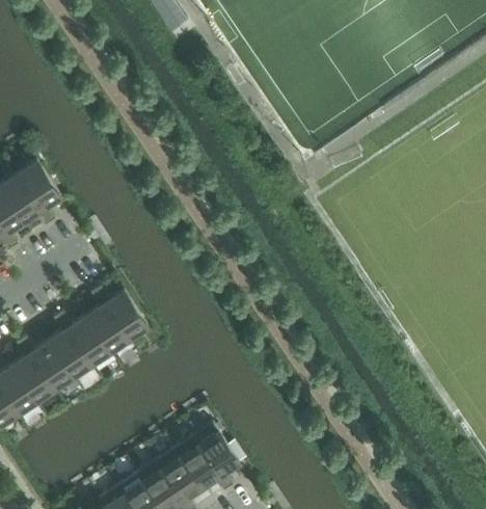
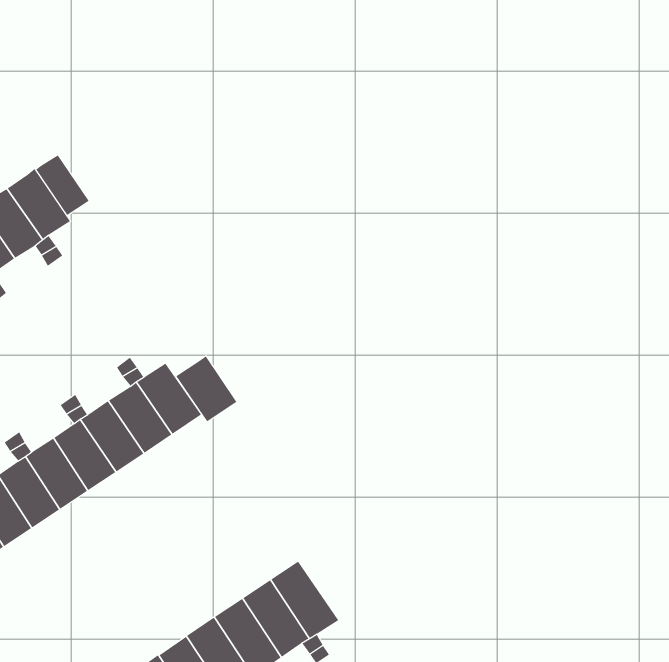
building: none -> [36,155,89,216]
building: none -> [176,356,237,422]

